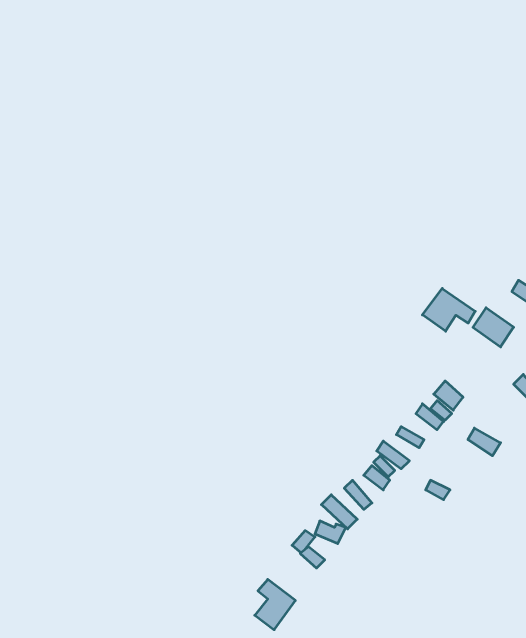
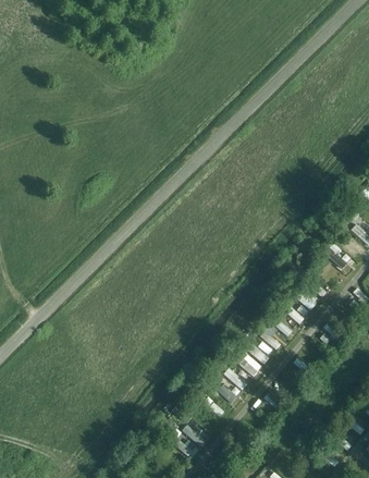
building: [422,288,475,331] -> none

